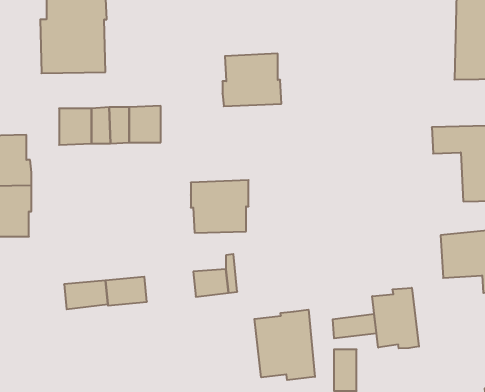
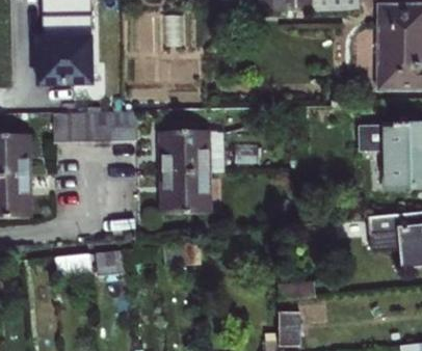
building: [222,54,281,106] -> [161,130,210,173]
building: [372,288,419,348] -> none
building: [254,310,315,380] -> none

